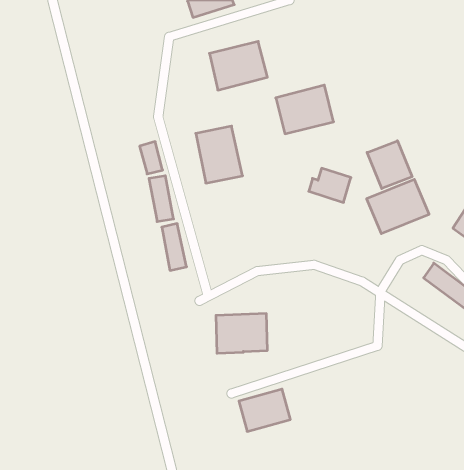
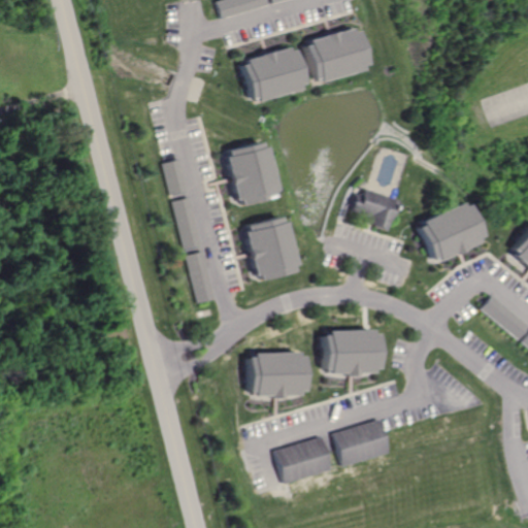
building: [276,85,334,134] -> [304,27,369,81]
building: [367,141,412,189] -> none
building: none -> [244,216,298,280]
building: none -> [323,331,382,374]
building: none -> [333,419,391,466]

